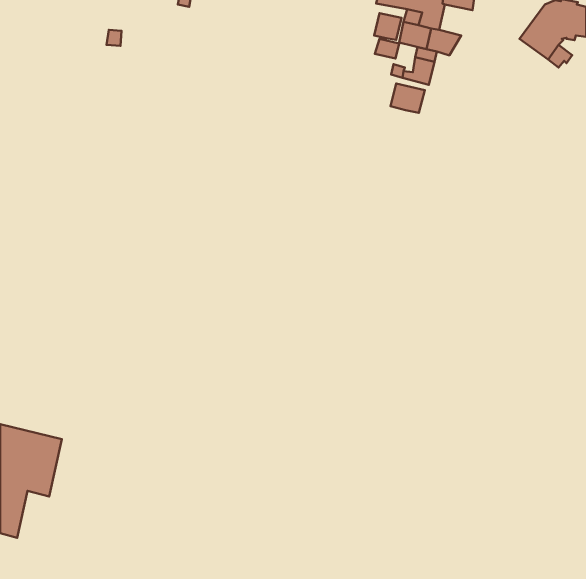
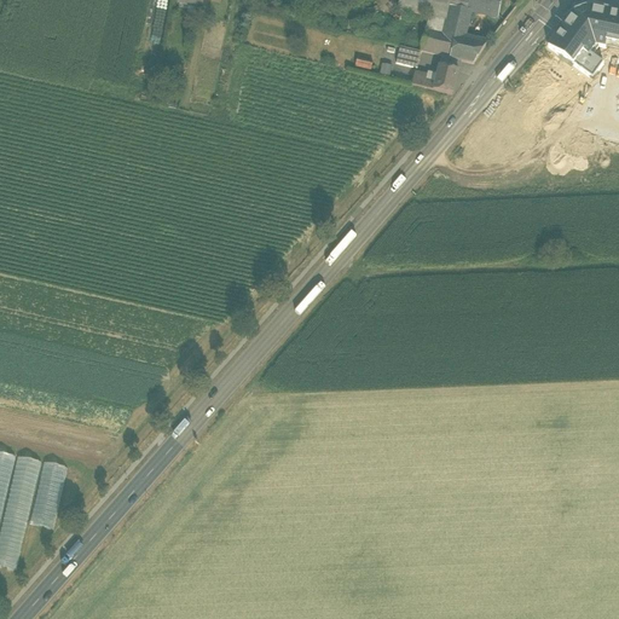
building: [374,13,402,40] -> none
building: [390,83,425,113] -> none

